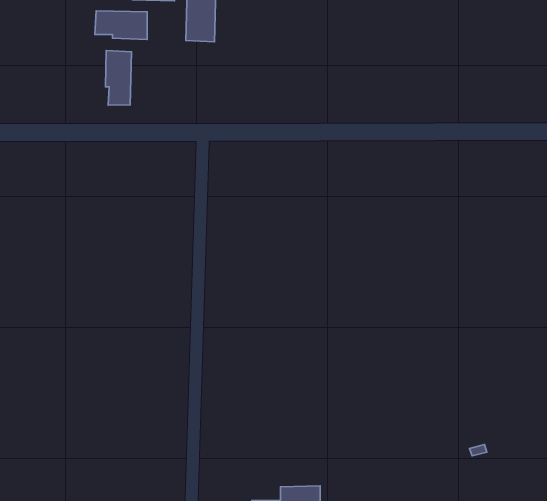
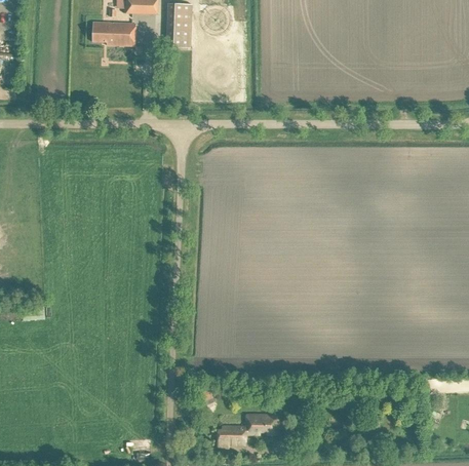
building: [106,50,131,105] -> none

